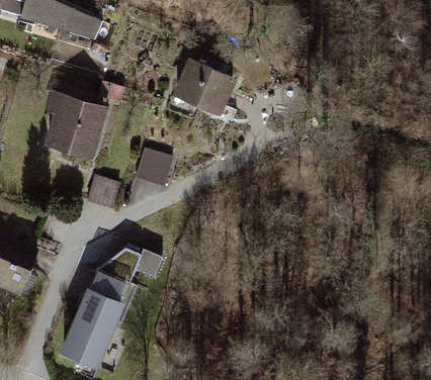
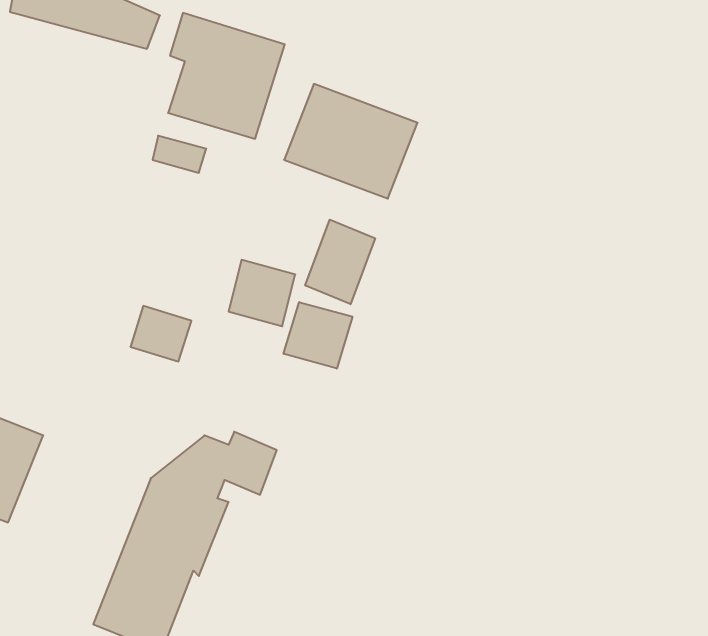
building: [42,88,106,157] -> [168,13,285,139]
building: none -> [305,220,375,304]
building: none -> [284,302,352,369]

